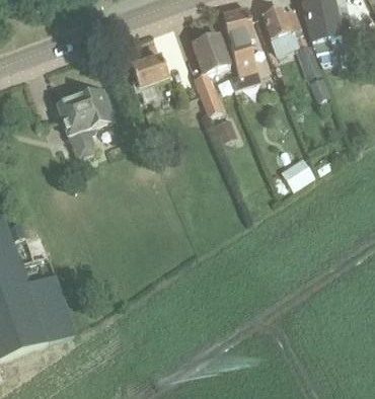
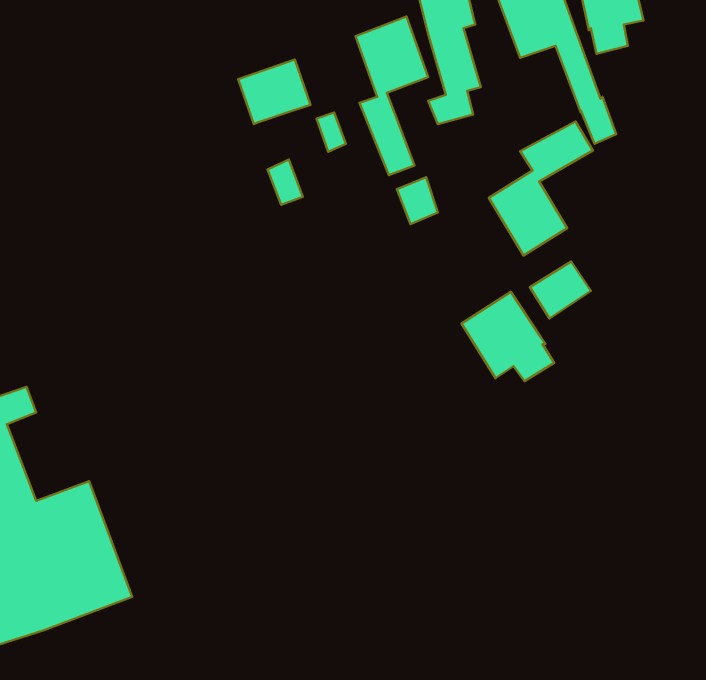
building: [56,86,113,155] -> none
building: none -> [489,122,593,255]
building: none -> [461,292,554,381]

